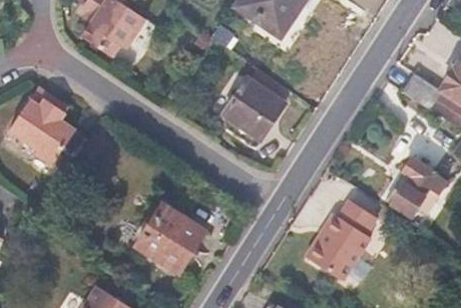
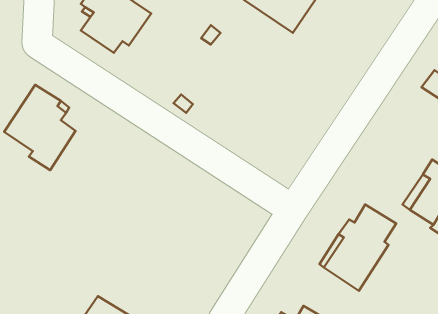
building: [222,77,287,148] -> none
building: [135,203,207,275] -> none

